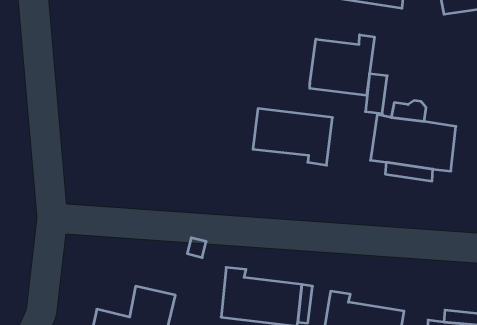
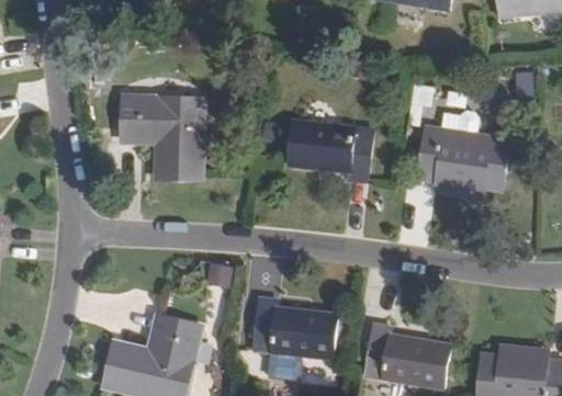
building: [310,35,374,95] -> none
building: none -> [123,98,203,179]

